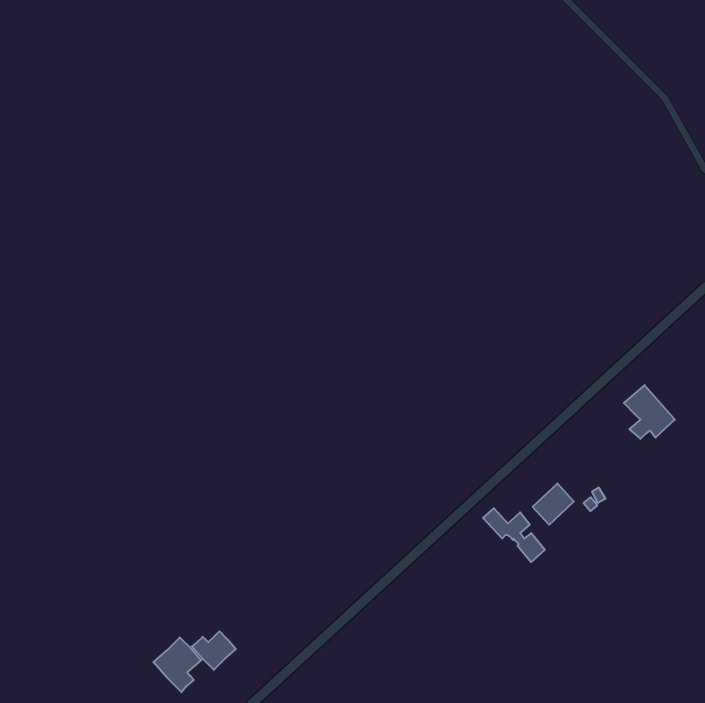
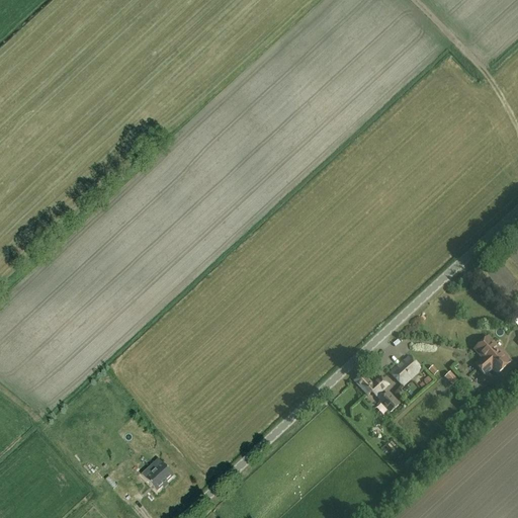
building: [624,385,675,439] -> [473,335,511,374]
building: [153,637,201,692] -> none

